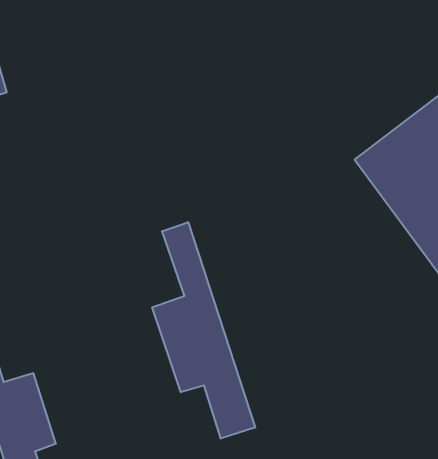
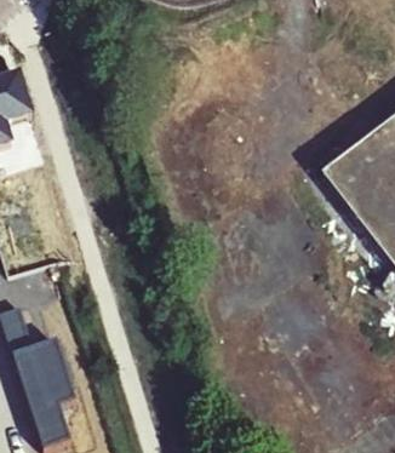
building: [152,222,255,439] -> none

